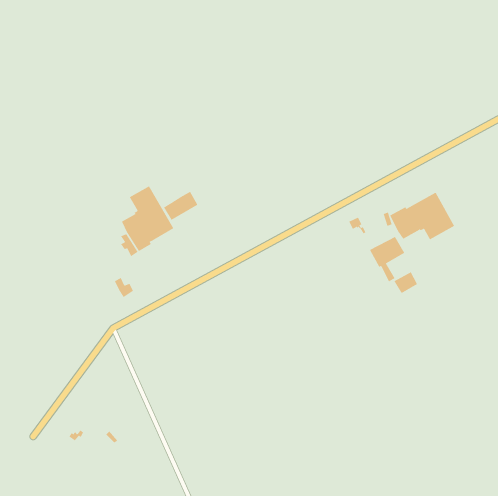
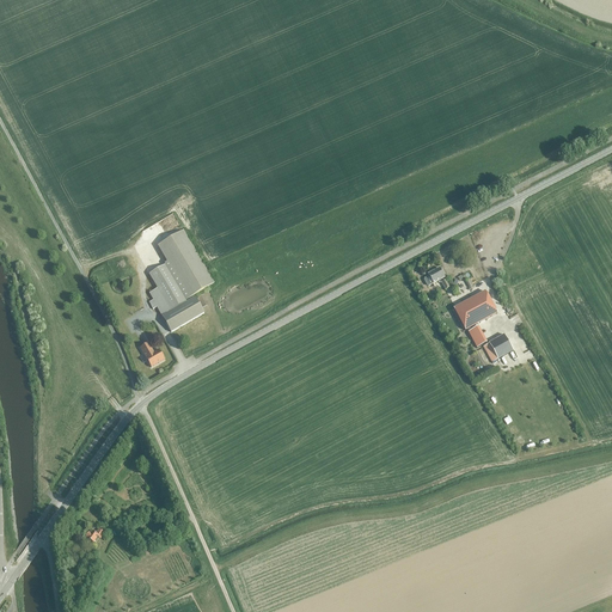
building: [163,191,198,220] -> [160,294,203,330]
building: [390,192,455,240] -> none

